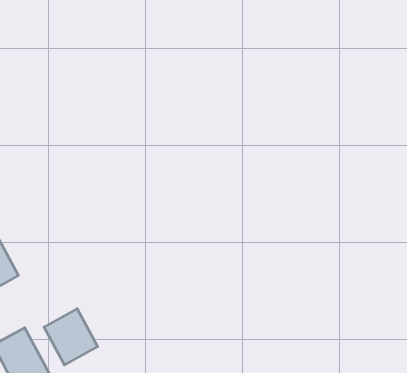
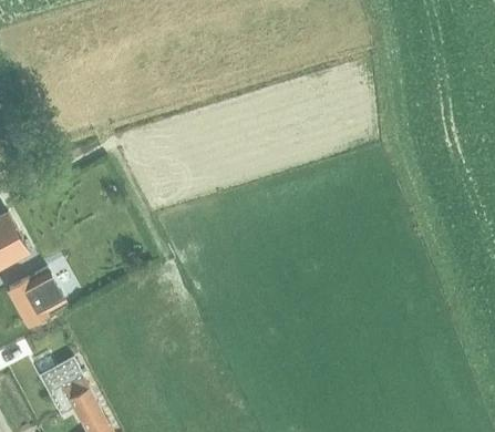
building: [44,309,98,365] -> none

